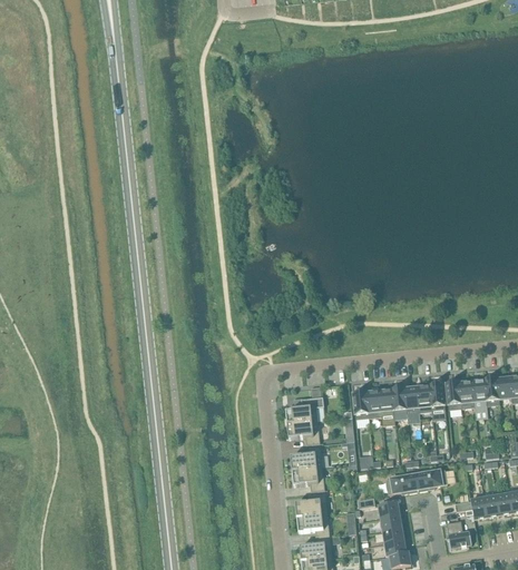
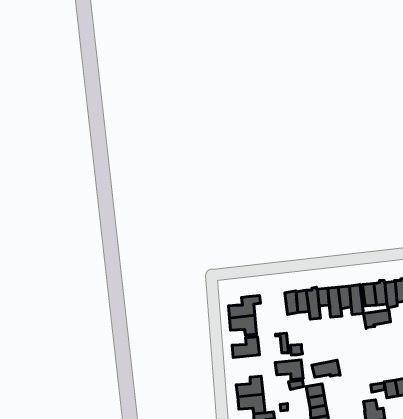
building: [291,466,324,490] -> [275,360,303,379]
building: [414,469,447,491] -> [363,310,391,328]

